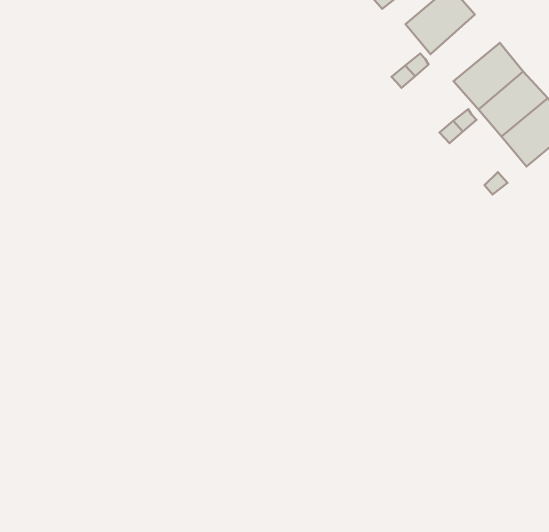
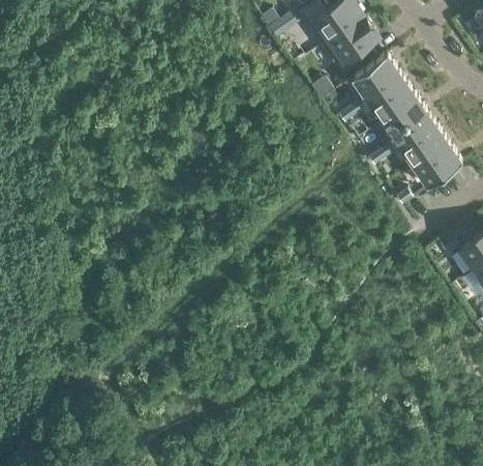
building: none -> [368,78,418,123]

